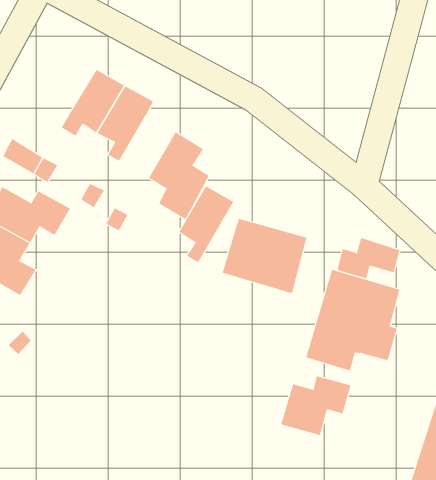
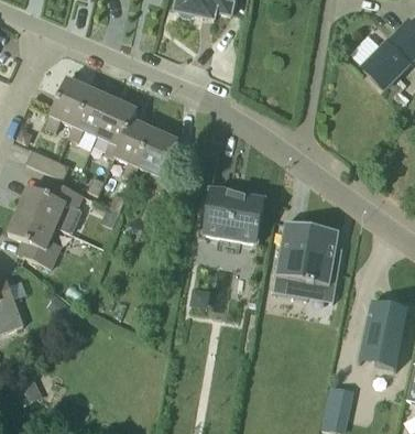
building: none -> [45,76,90,129]
building: [179,186,234,263] -> [116,118,155,177]
building: [337,237,400,279] -> none
building: [280,376,351,436] -> none

